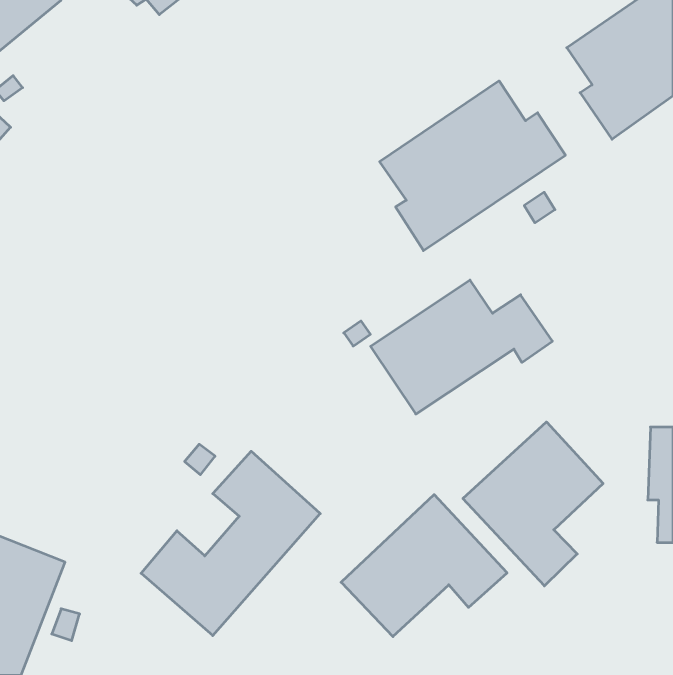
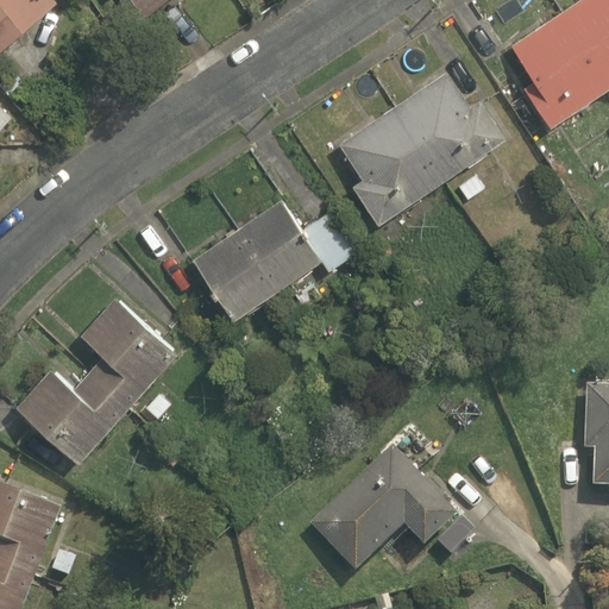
building: [371,280,552,414] -> [199,203,362,324]
building: [463,422,603,586] -> none
building: [141,451,320,636] -> [33,302,194,467]

